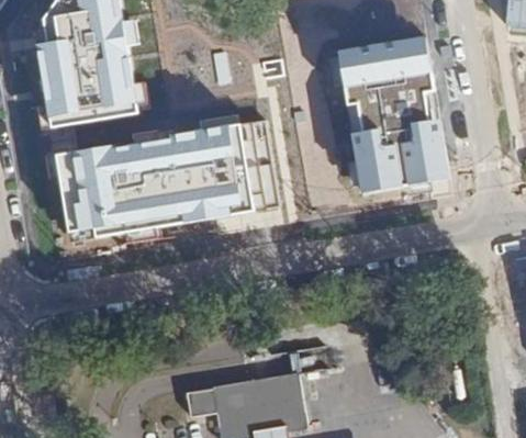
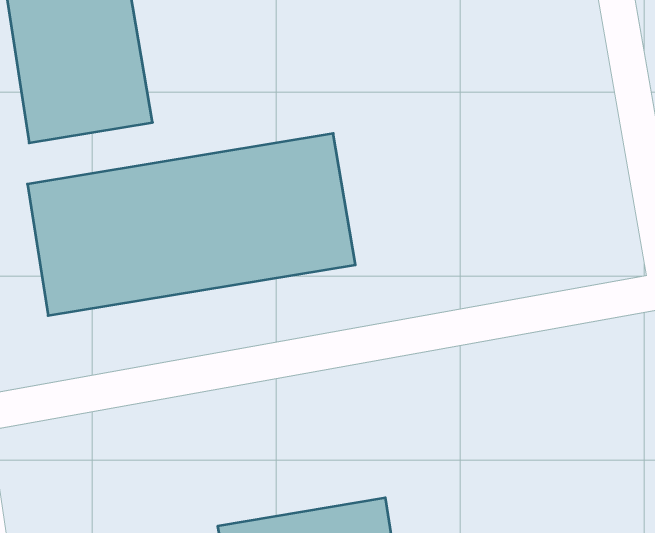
building: [339,35,450,195] -> none

